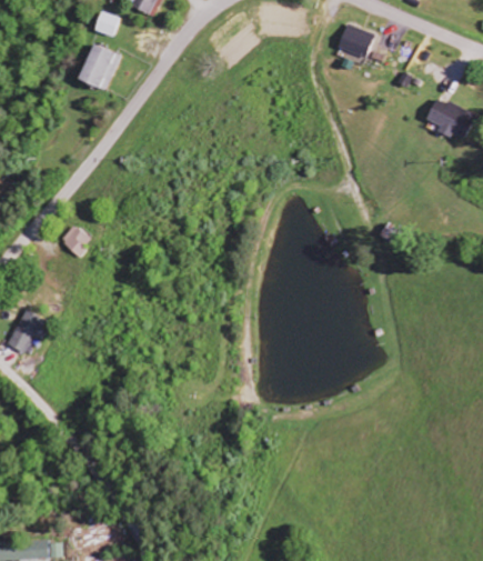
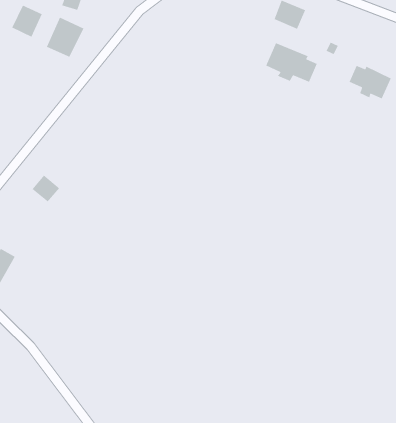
building: none -> [11,5,43,38]
building: none -> [265,42,318,83]

